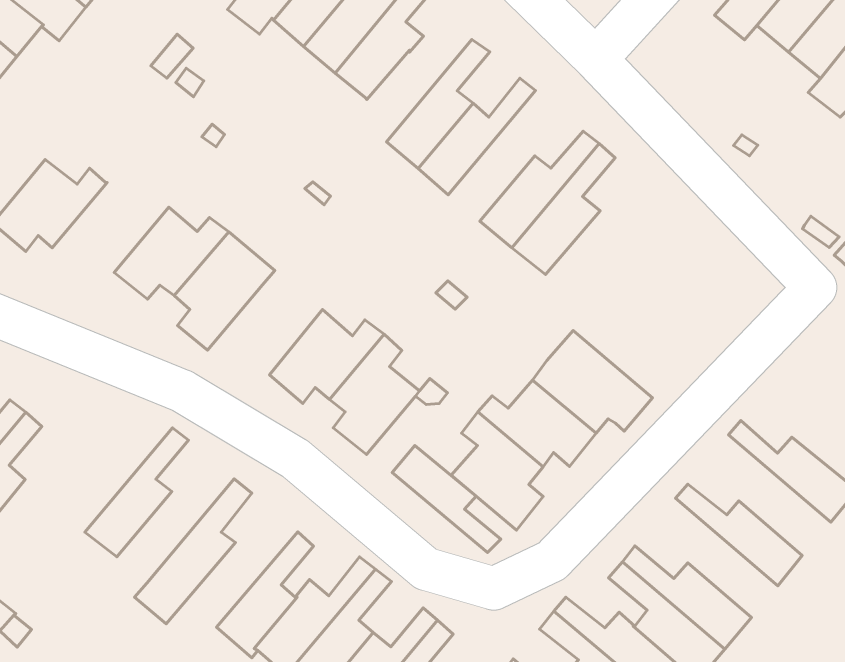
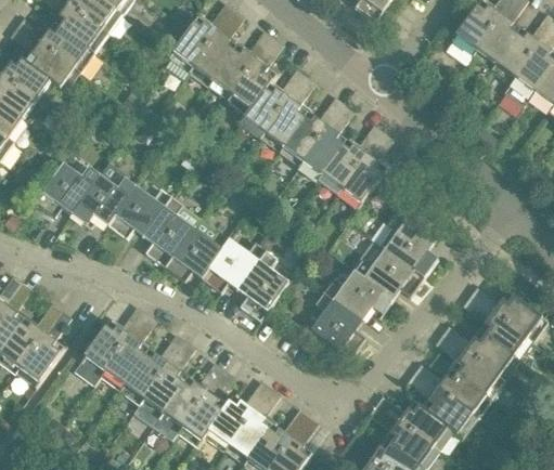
building: none -> [239,68,305,139]
building: none -> [297,103,353,181]
building: none -> [69,159,136,229]
building: none -> [164,218,229,282]
building: none -> [379,212,438,276]
building: none -> [72,305,146,386]
building: none -> [461,295,532,362]
building: [392,445,501,552] -> none
building: none -> [119,334,184,404]
building: none -> [434,334,504,400]
building: none -> [151,362,223,441]

